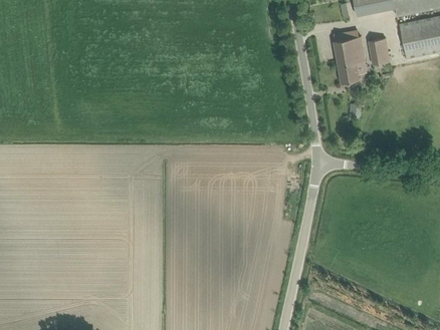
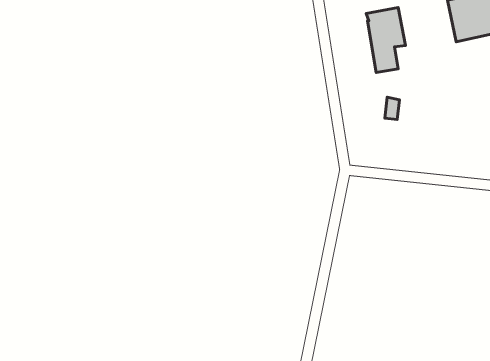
building: [369,38,391,64] -> none

